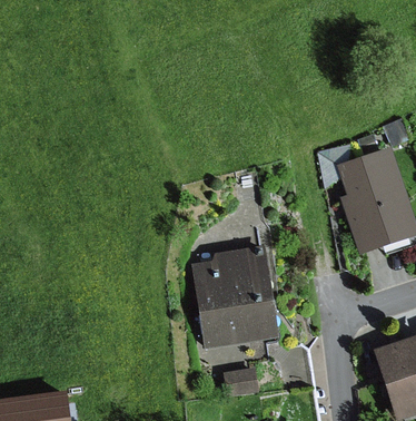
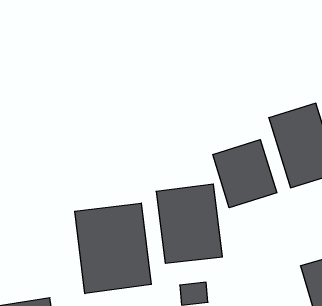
building: none -> [213,140,277,208]
building: none -> [75,203,151,294]

